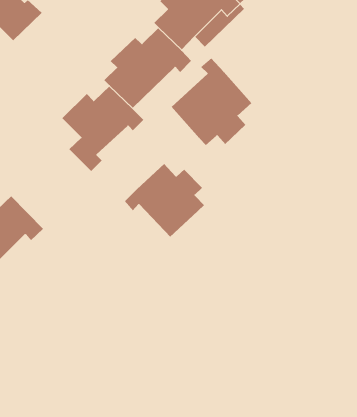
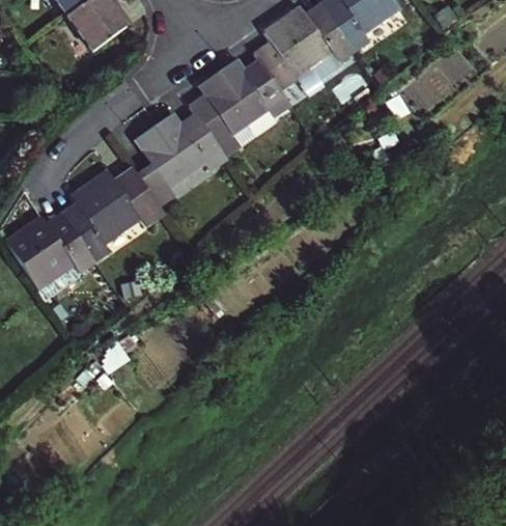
building: [171,58,252,146] -> none
building: none -> [65,170,164,259]
building: [124,163,205,237] -> none

